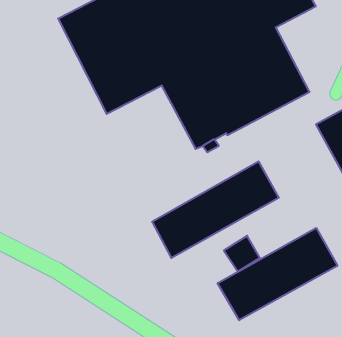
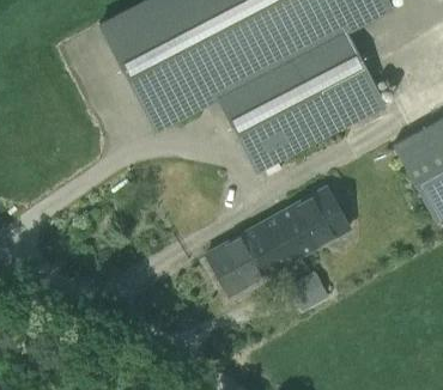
building: [218,228,337,320] -> none

